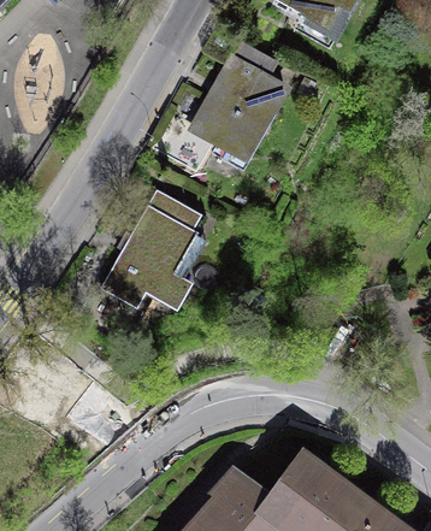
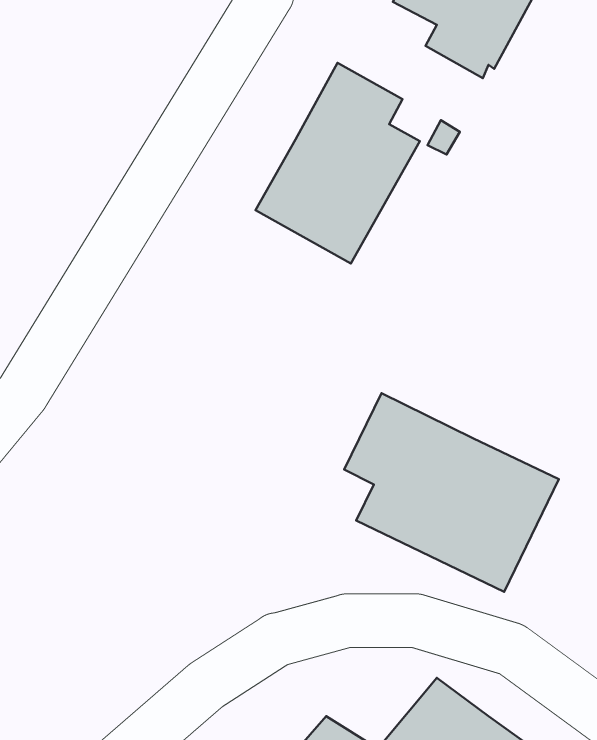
building: [100,199,205,324] -> none
building: none -> [344,393,559,592]

